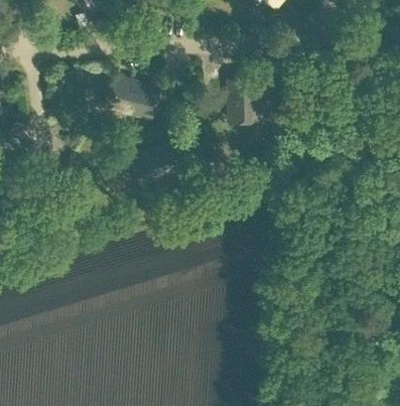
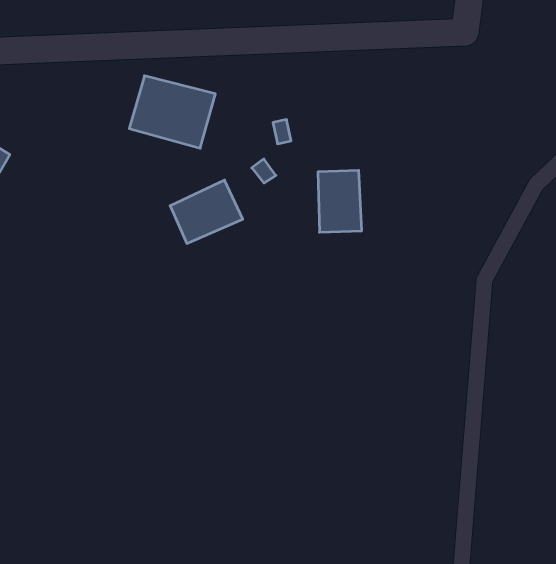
building: [228,81,257,122] -> [318,170,362,232]

